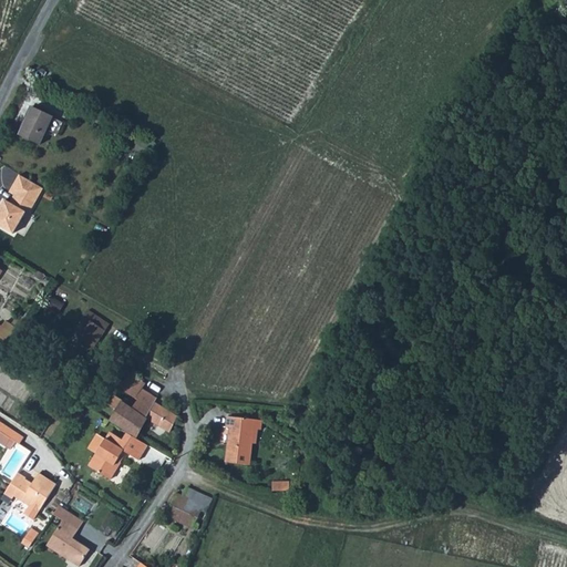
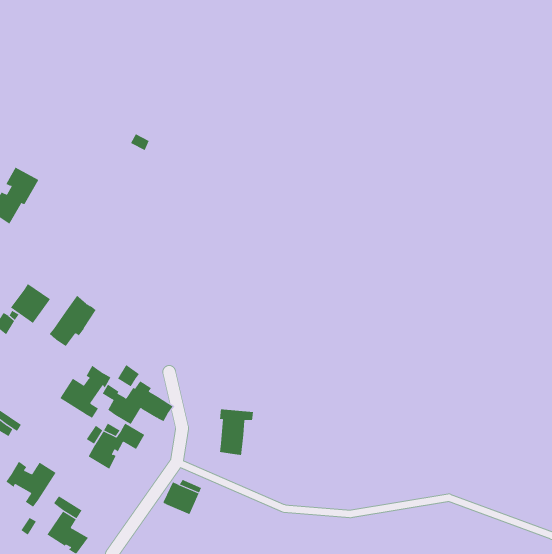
building: [14,109,49,147] -> none
building: none -> [10,283,51,324]
building: none -> [59,365,111,418]

